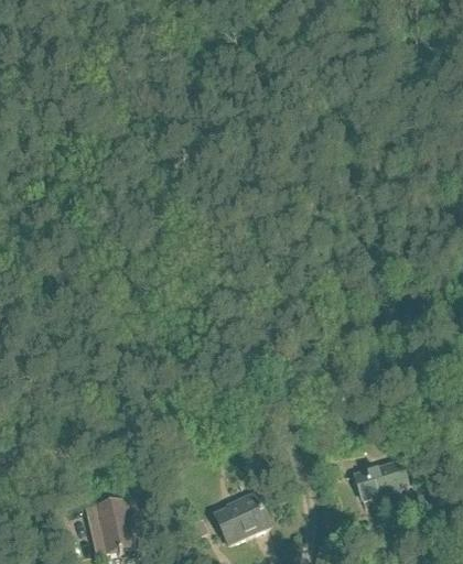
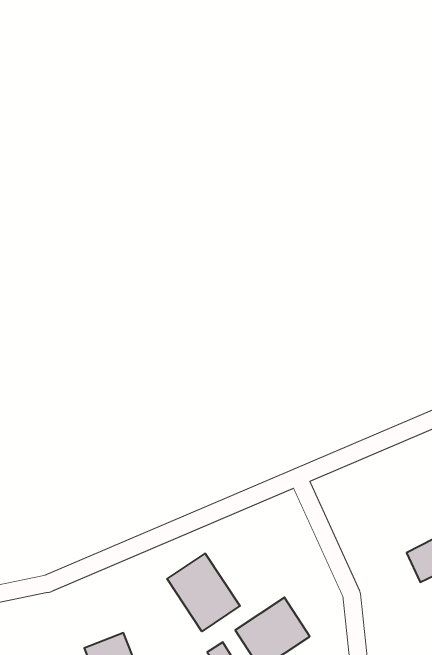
building: none -> [167,553,240,631]

